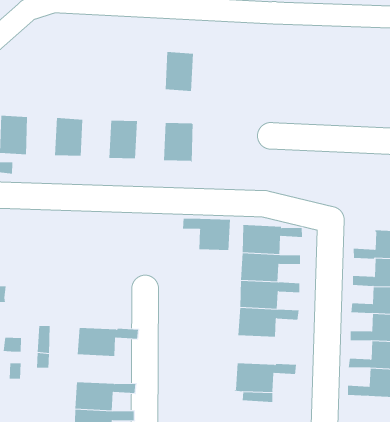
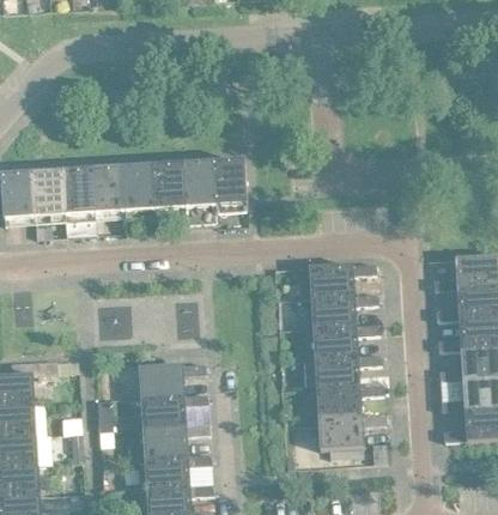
building: [165,52,194,91] -> [182,162,214,205]
building: none -> [61,169,95,213]
building: none -> [122,165,154,208]
building: [182,218,230,251] -> none
building: none -> [138,362,206,396]
building: none -> [316,382,383,417]
building: none -> [142,422,209,456]

